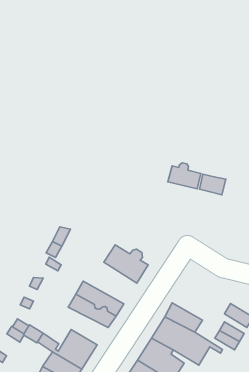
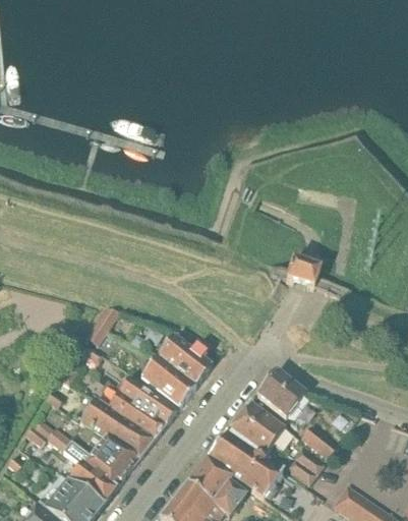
building: [168,163,201,189] -> none
building: none -> [139,357,194,408]
building: none -> [254,370,303,417]
building: none -> [236,402,283,443]
building: none -> [78,399,153,460]

